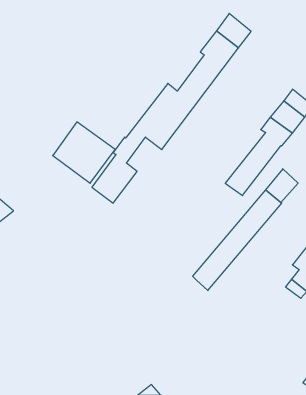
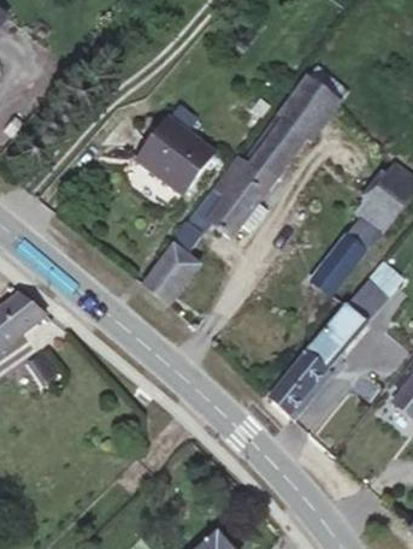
building: [53,122,115,183] -> [137,117,216,194]

